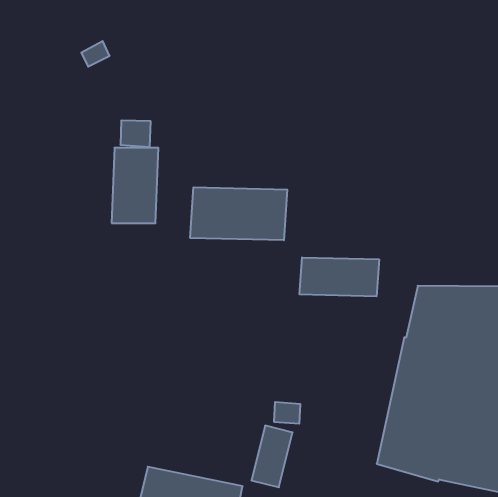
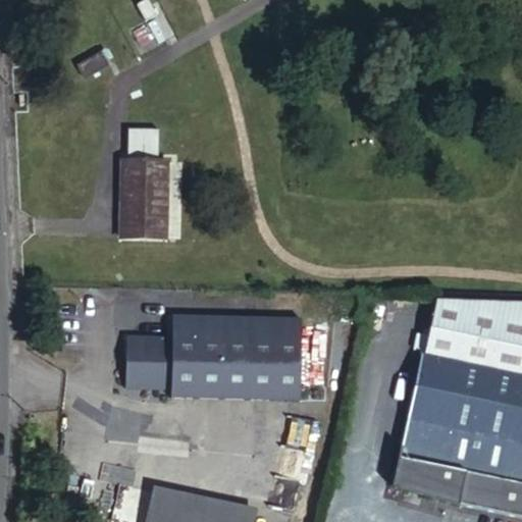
building: [190,187,287,240] -> none
building: [300,257,379,296] -> none
building: none -> [128,314,304,399]

